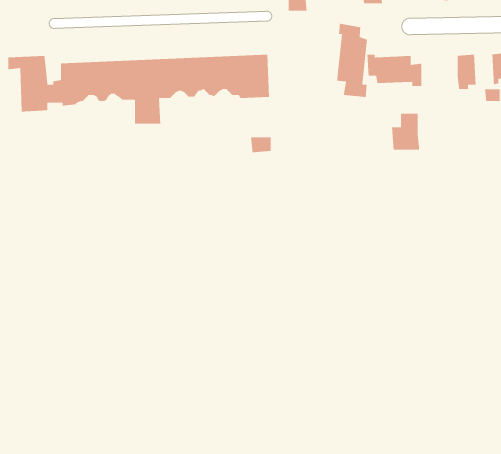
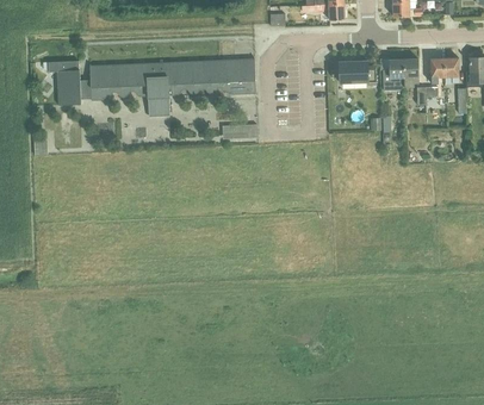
building: [336,23,368,98] -> none
building: [391,113,420,151] -> [381,58,404,88]

